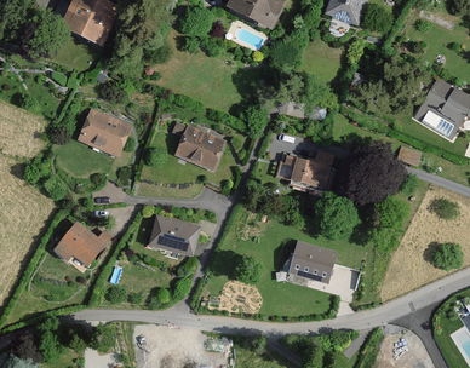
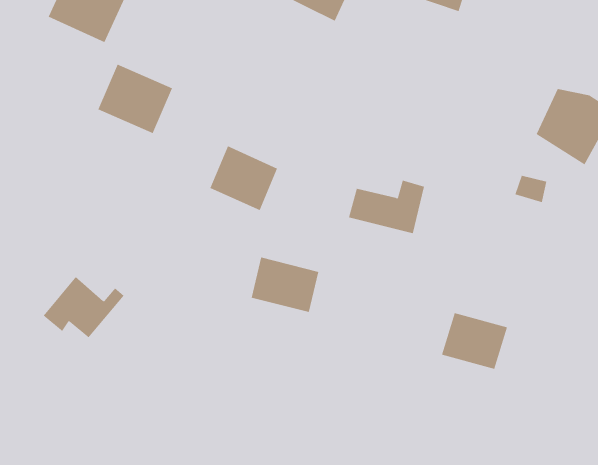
building: [75,107,131,159] -> [98,64,173,134]
building: [145,215,196,257] -> [251,257,319,312]
building: [288,241,338,283] -> [441,313,508,370]

